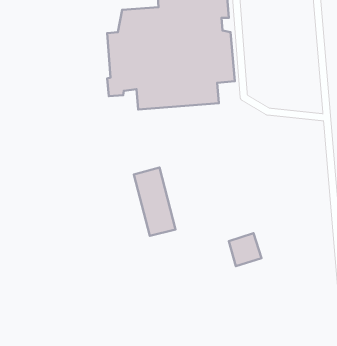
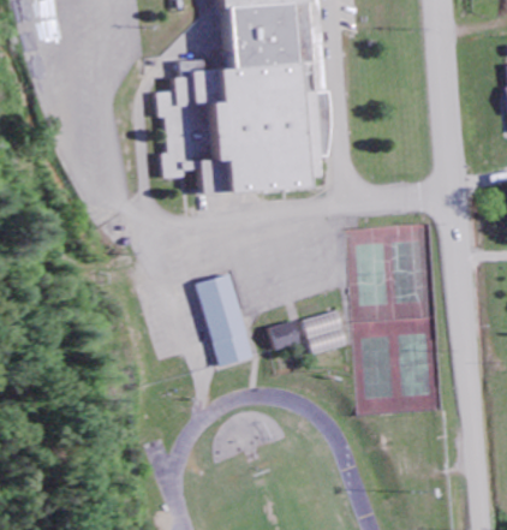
building: none -> [269,318,300,349]
building: [229,233,262,266] -> [303,309,347,353]

